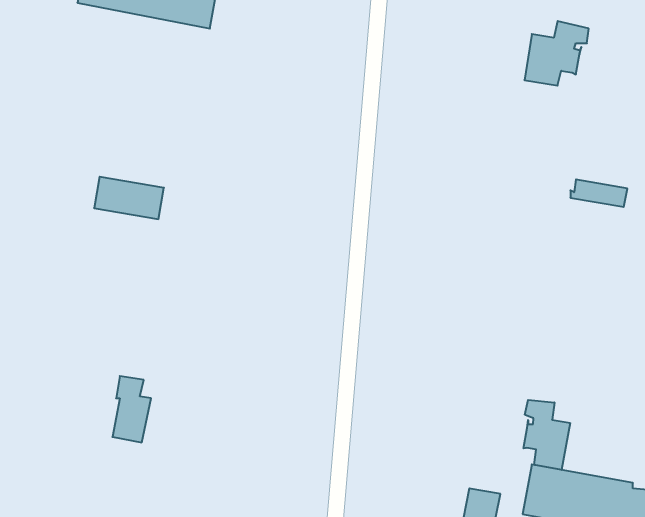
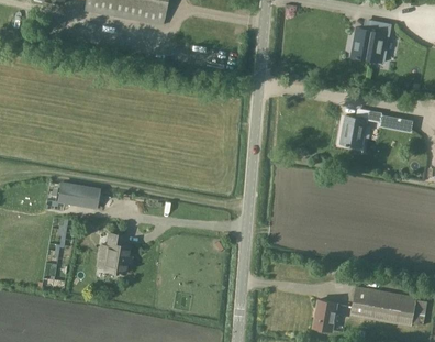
building: none -> [341,109,382,147]
building: [94,177,164,219] -> [57,183,99,208]
building: [524,400,570,470] -> none

